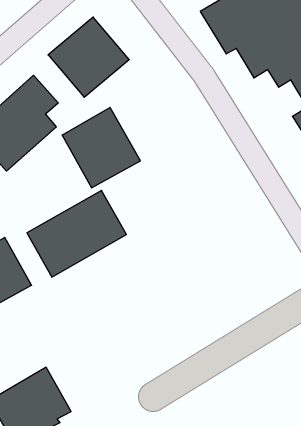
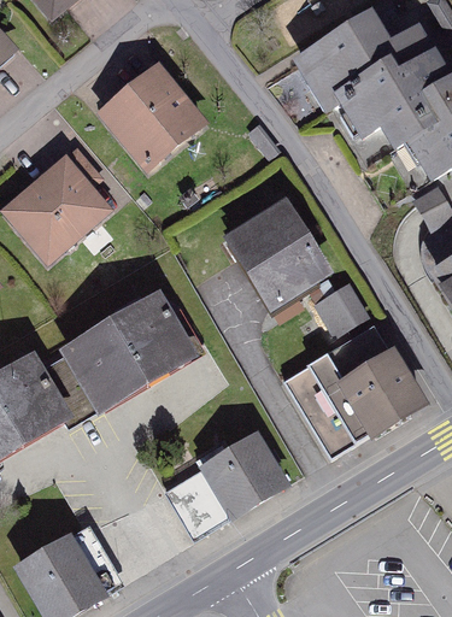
building: [62,107,140,188] -> [225,196,328,301]
building: none -> [317,288,365,336]
building: none -> [284,333,415,457]
building: none -> [168,430,293,535]

